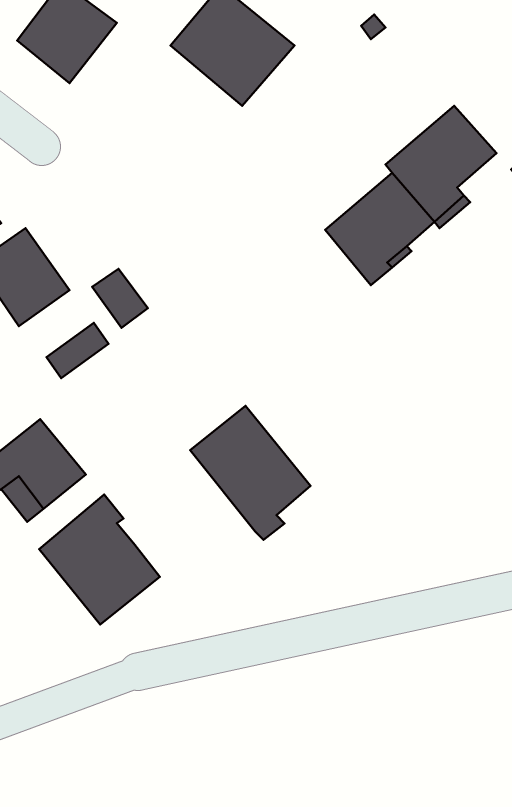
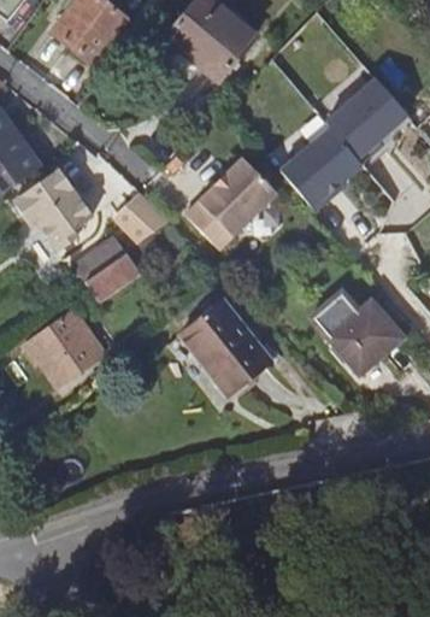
building: none -> [187,155,277,246]
building: none -> [86,243,143,299]
building: none -> [312,290,402,372]
building: [39,495,160,625] -> none

